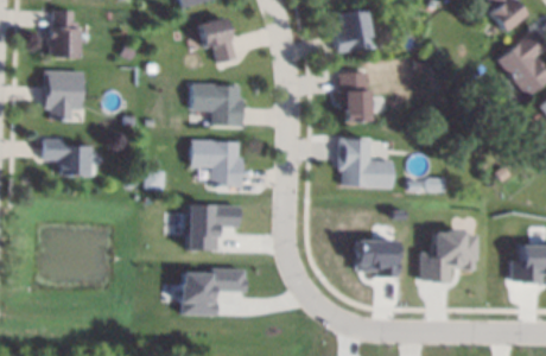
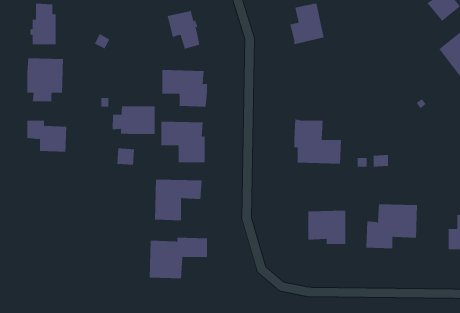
building: [341,72,370,121] -> none
building: none -> [112,106,155,135]

